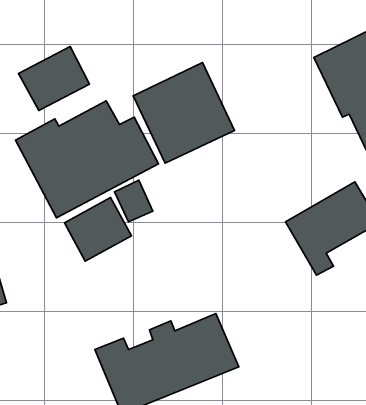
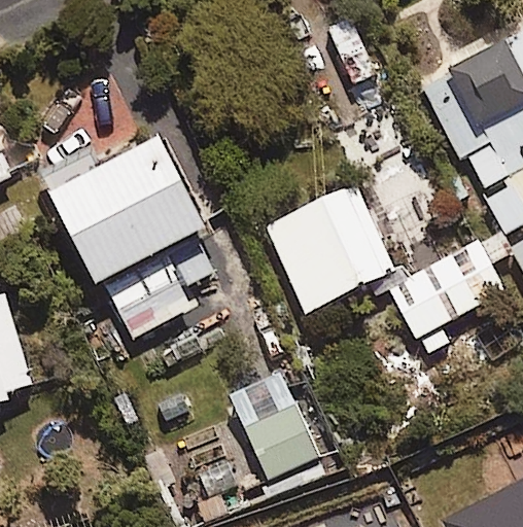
building: [19,46,90,111] -> none
building: [133,62,235,163] -> [266,183,393,310]

